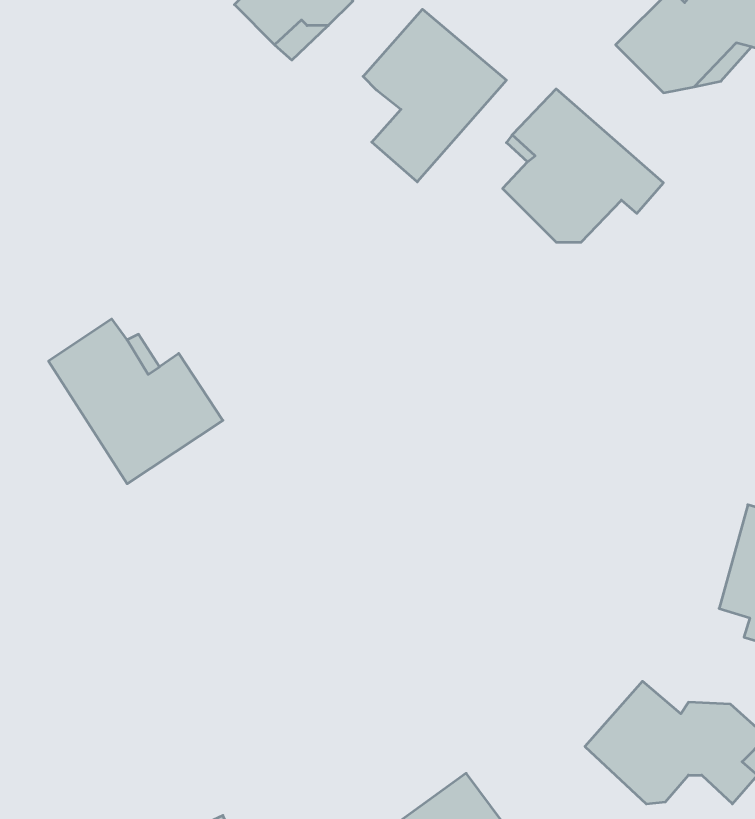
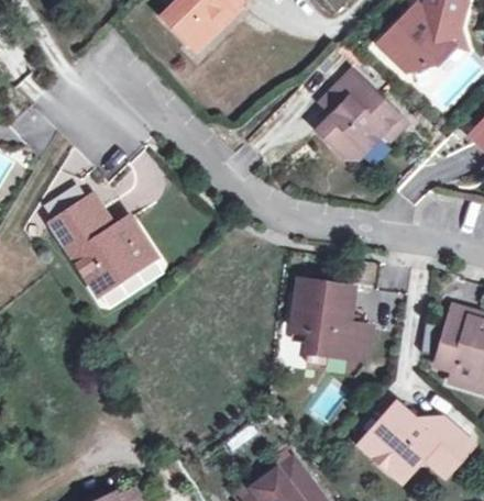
building: [363,9,506,182] -> none
building: none -> [292,278,371,357]

